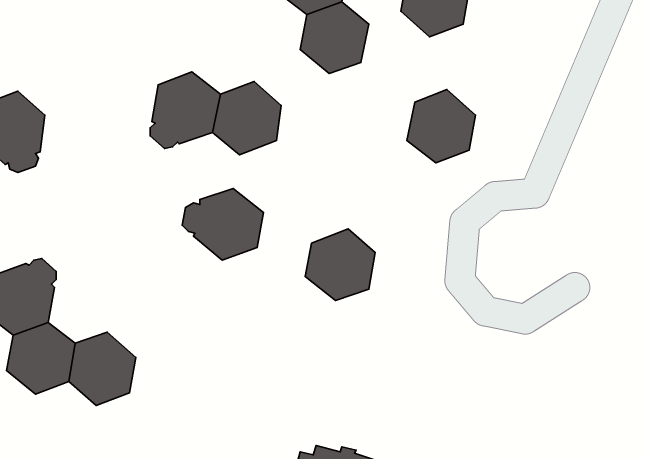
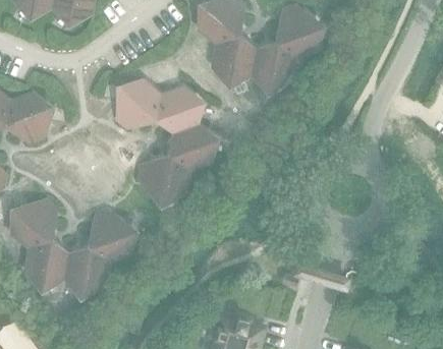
building: [407,90,476,163] -> [251,42,294,89]
building: [305,229,375,300] -> [169,124,214,170]
building: none -> [89,211,132,263]

